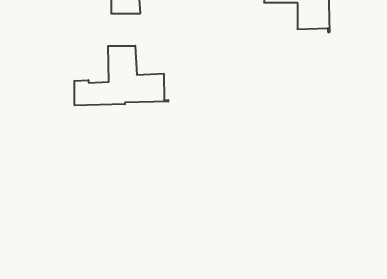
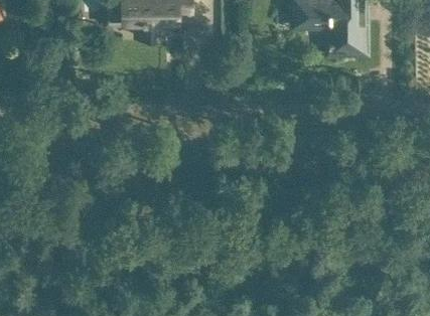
building: [74,46,168,105] -> none

